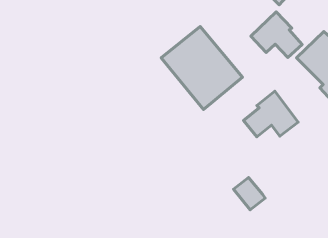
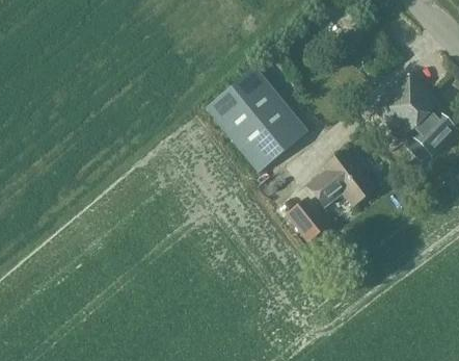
building: [251,12,302,58] -> none
building: [234,177,265,210] -> [288,200,327,240]

